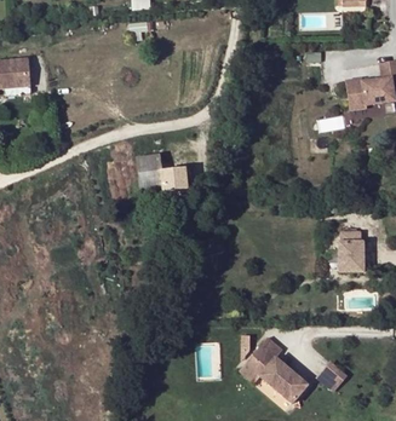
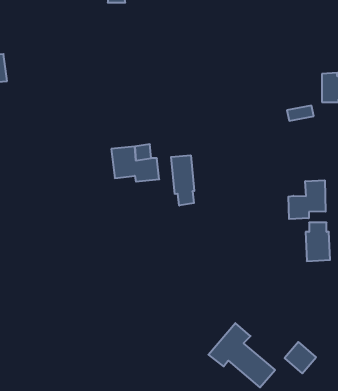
building: none -> [171,155,194,206]
building: none -> [288,180,326,219]

